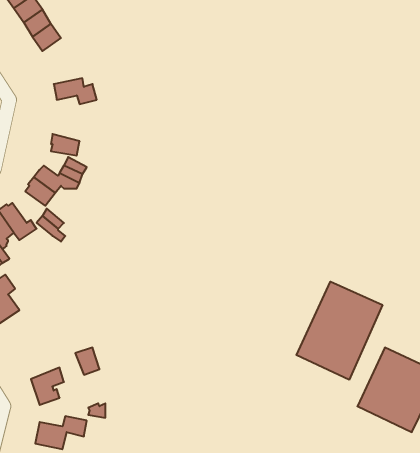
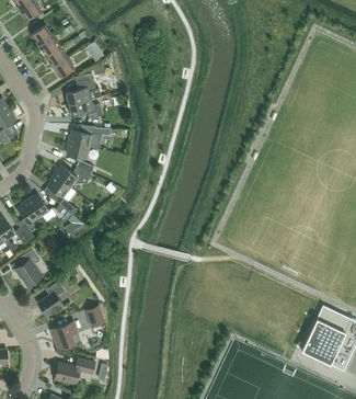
building: none -> [66,73,101,103]
building: none -> [68,125,111,148]
building: [296,282,382,380] -> none
building: none -> [37,281,65,314]

